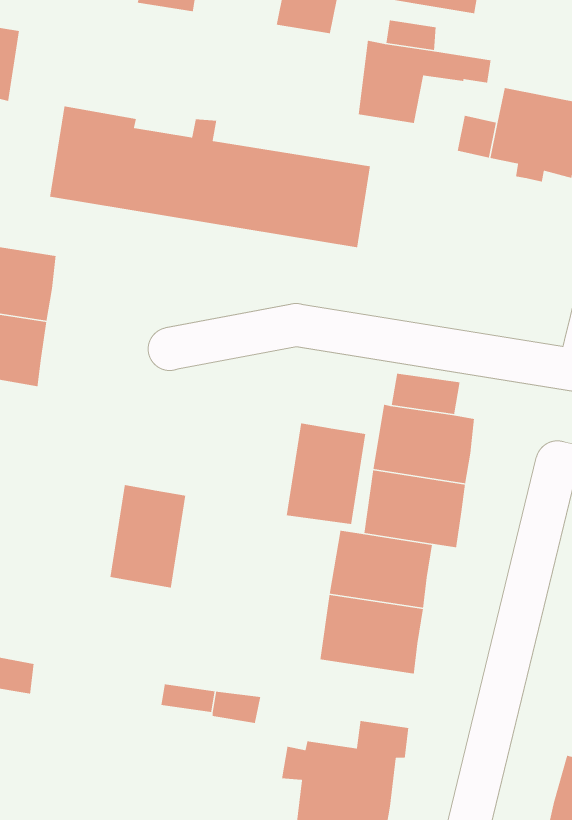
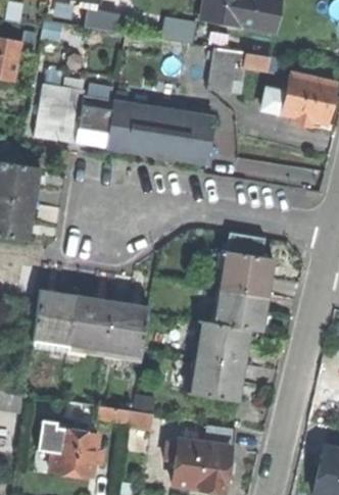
building: [286,423,366,525] -> [104,301,149,358]
building: none -> [33,290,78,347]
building: none -> [38,418,104,477]

